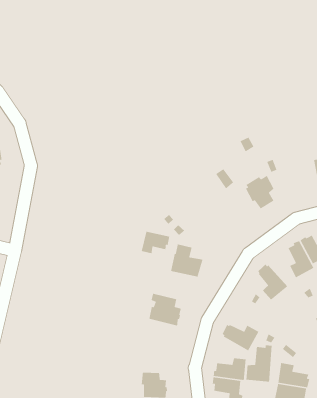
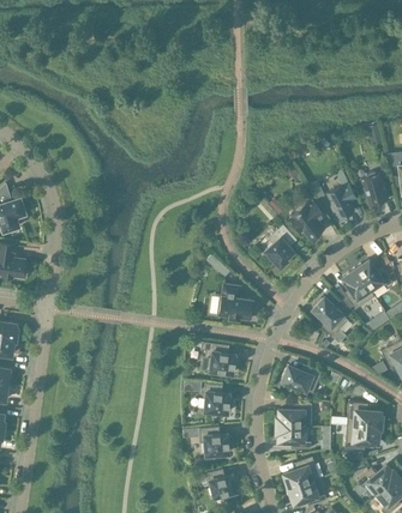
building: none -> [326,185,356,219]
building: none -> [264,225,296,268]
building: [141,231,170,254] -> none
building: none -> [203,384,229,414]
building: [245,345,272,383] -> none

